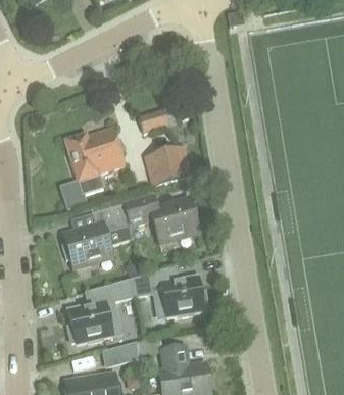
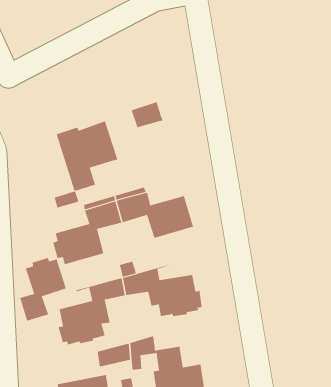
building: [142,143,191,187] -> none
building: none -> [20,257,66,322]

